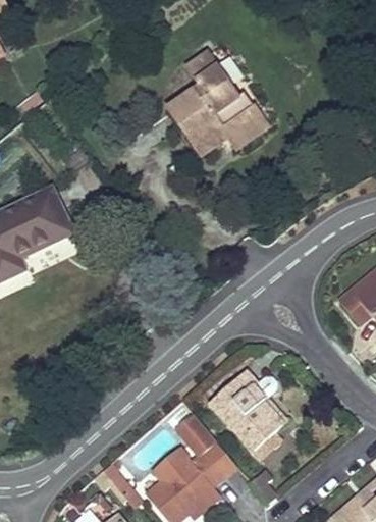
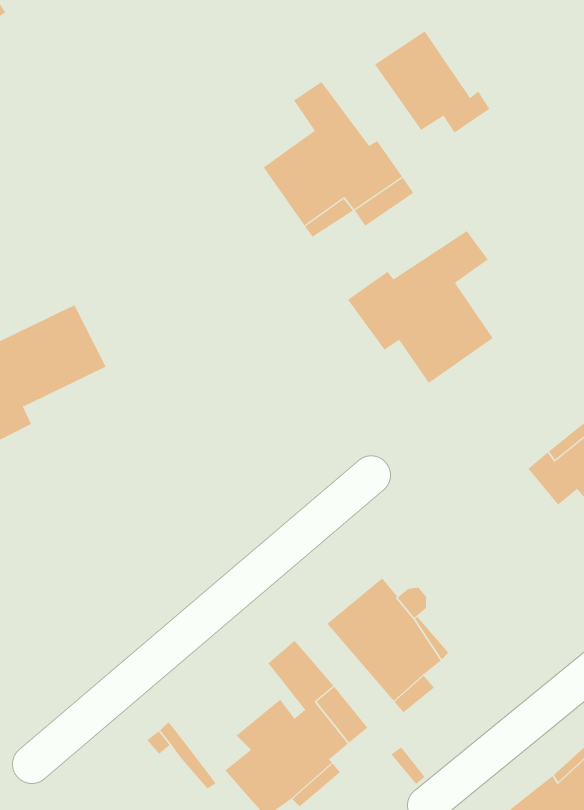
building: none -> [374,31,490,133]
building: none -> [347,230,494,384]

